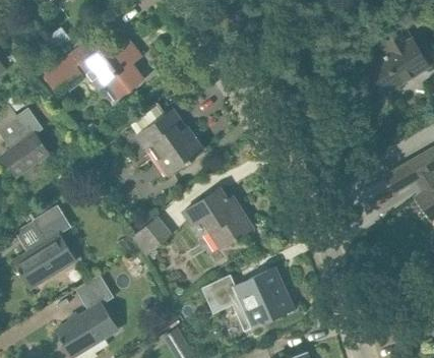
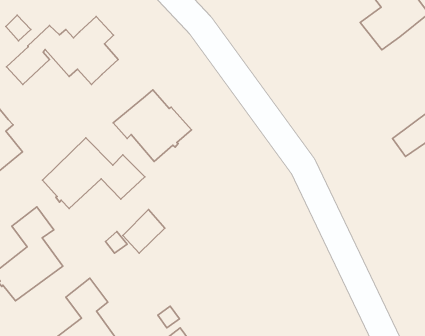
building: none -> [43,138,145,209]
building: [181,188,251,249] -> none
building: [201,270,291,331] -> none

